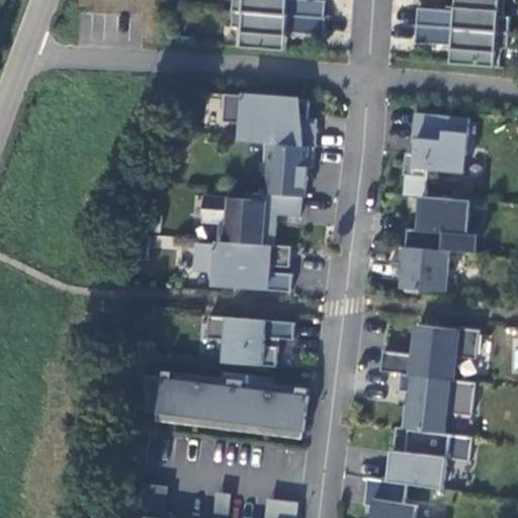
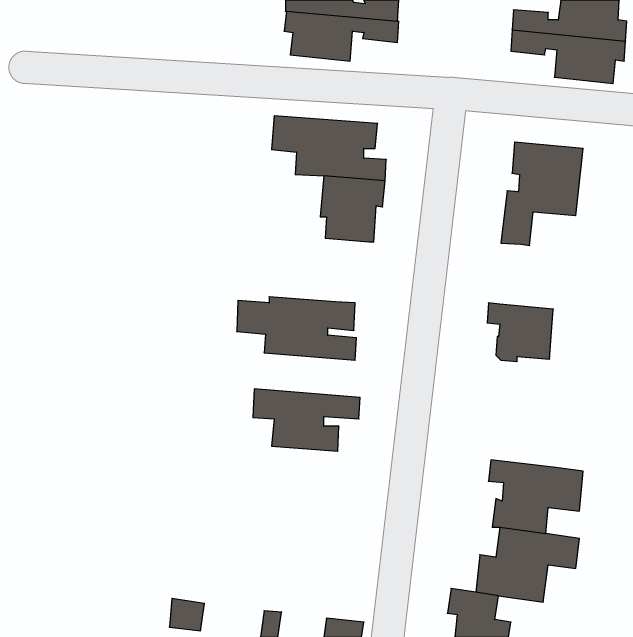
building: [200,193,299,245] -> none
building: [406,198,478,253] -> none
building: [378,324,478,379] -> none
building: [142,371,307,438] -> none

